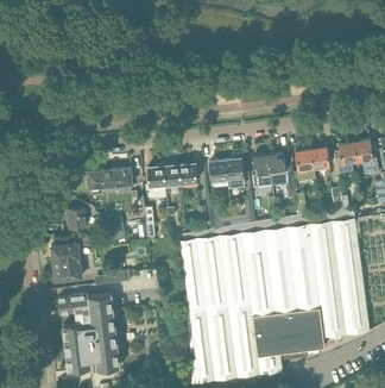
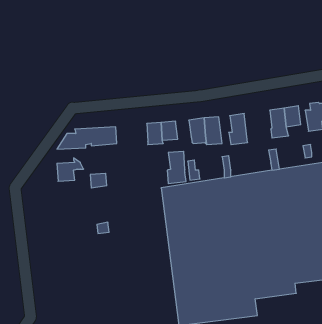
building: [269,151,295,192] -> none
building: [146,164,166,199] -> [167,151,186,184]
building: [51,244,81,281] -> none
building: [57,293,119,371] -> none

